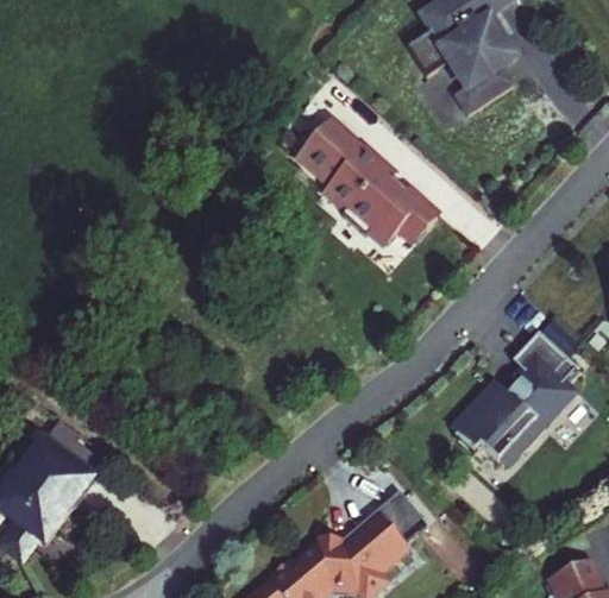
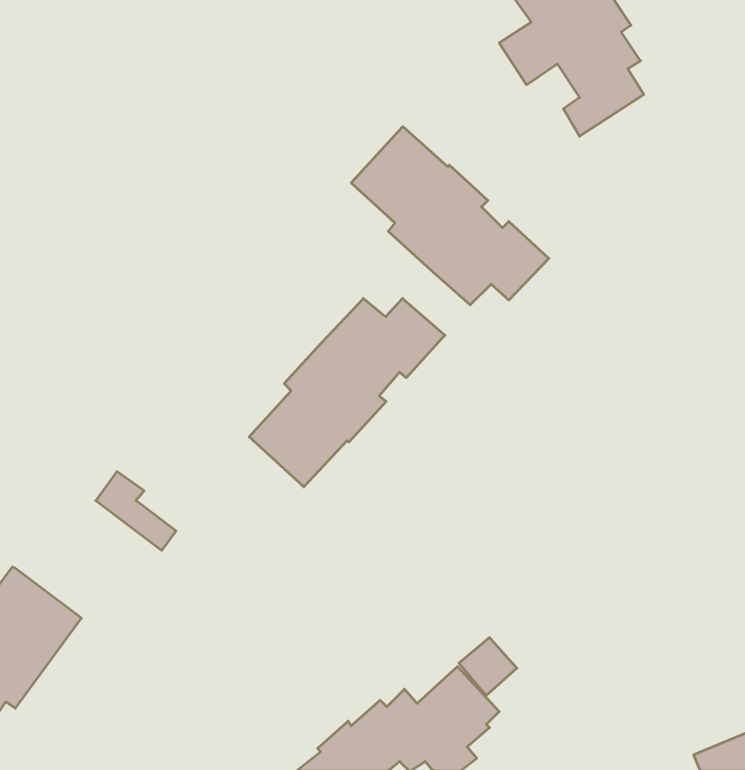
building: none -> [249,298,445,487]
building: [457,333,579,466] -> none
building: [46,420,106,478] -> [96,472,176,550]

